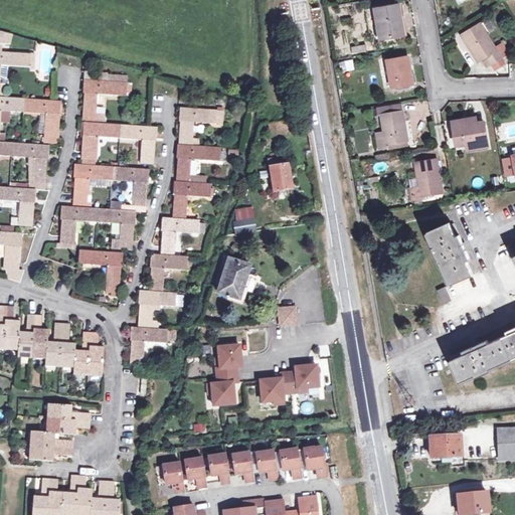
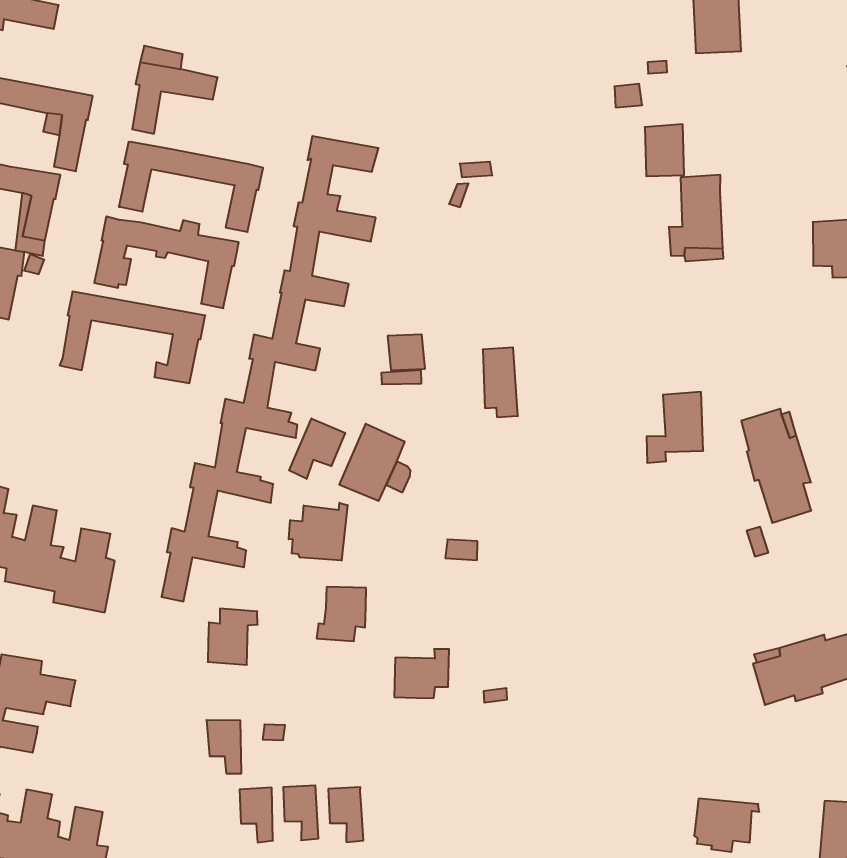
building: [387,56,411,87] -> [645,124,684,176]
building: [409,160,441,201] -> [647,392,703,463]
building: [270,165,293,203] -> [483,347,518,417]
building: [78,249,122,296] -> none
building: none -> [289,418,345,479]
building: none -> [289,503,348,561]
building: [287,365,317,392] -> none
building: [210,374,236,404] -> [208,609,258,665]
building: [303,447,325,477] -> none
building: [279,448,301,478] -> none
building: [255,450,277,480] -> none
building: [161,463,183,492] -> [206,720,241,773]

